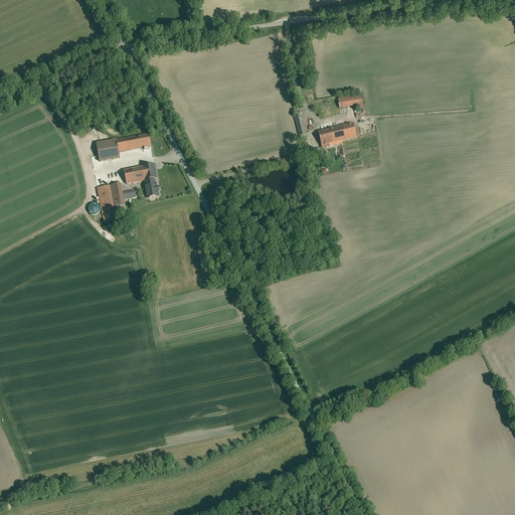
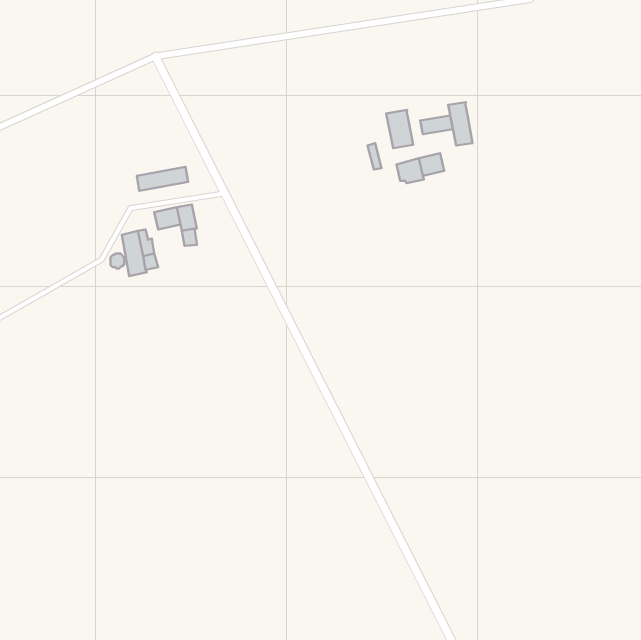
building: none -> [448,102,473,146]
building: none -> [386,110,413,148]

